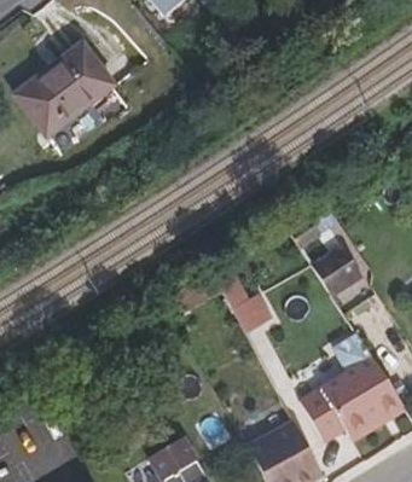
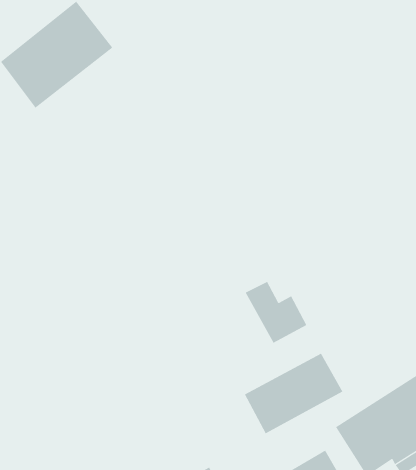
building: [309,243,361,294] -> none
building: none -> [244,353,343,434]

